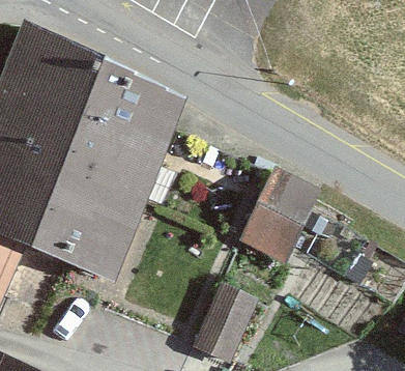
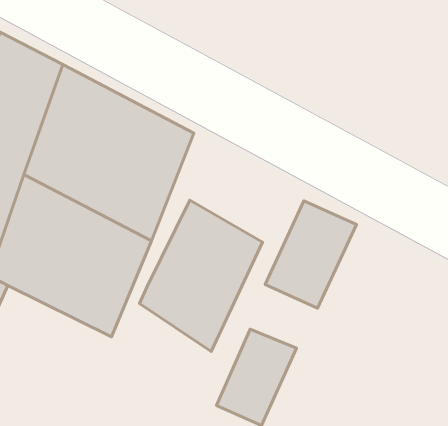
building: none -> [139,200,263,351]

